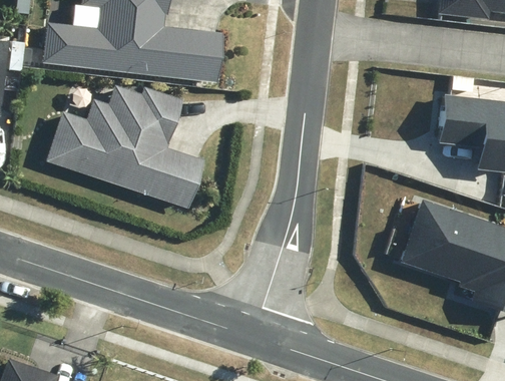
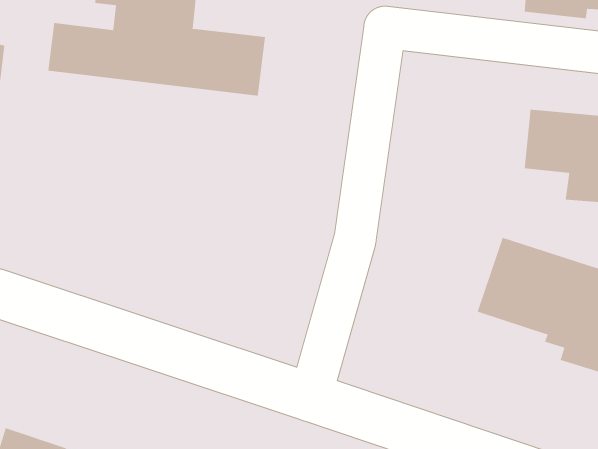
building: [45,85,204,209] -> none

